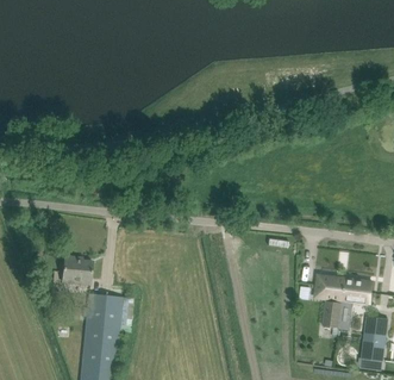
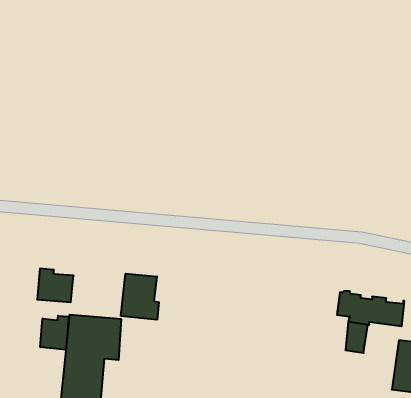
building: none -> [121,274,159,320]
building: none -> [40,316,69,350]

